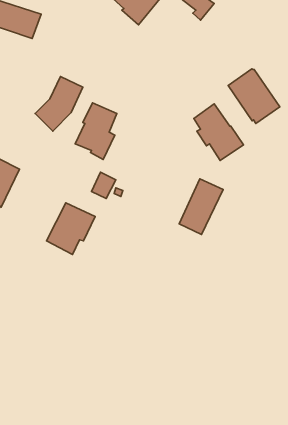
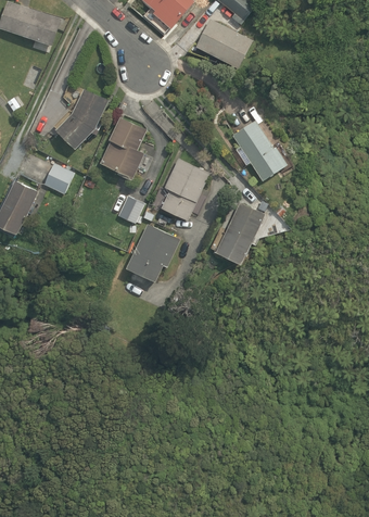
building: none -> [194,20,252,70]
building: [228,69,280,123] -> none
building: none -> [160,159,208,220]
building: none -> [42,163,73,194]
building: [46,203,95,255] -> [125,224,179,281]

